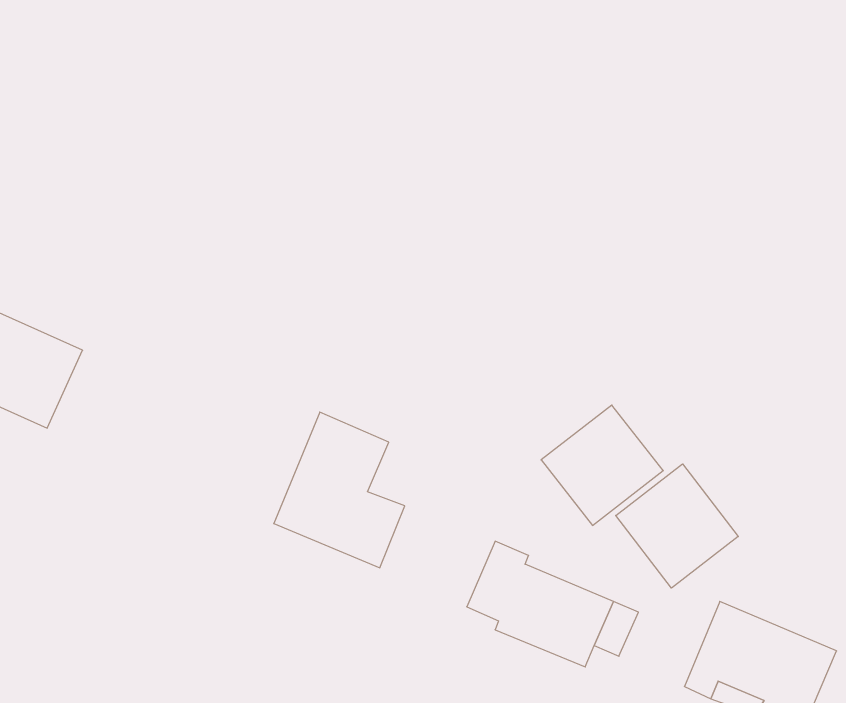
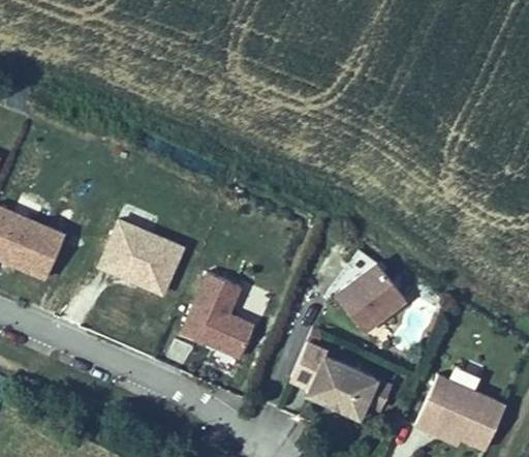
building: none -> [96,217,185,297]
building: [616,464,738,588] -> none

